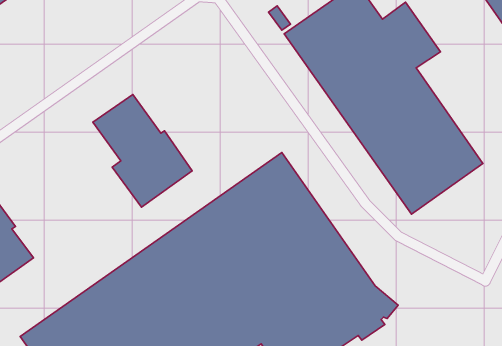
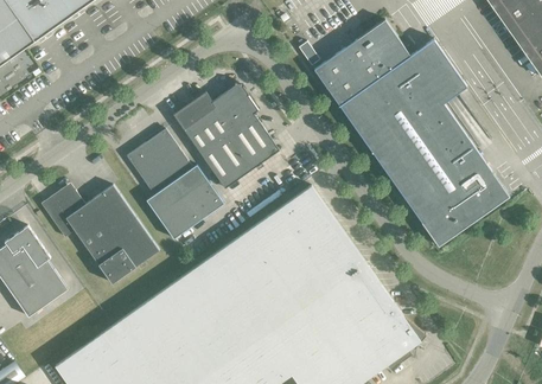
building: none -> [173,83,279,187]
building: none -> [42,183,159,283]

